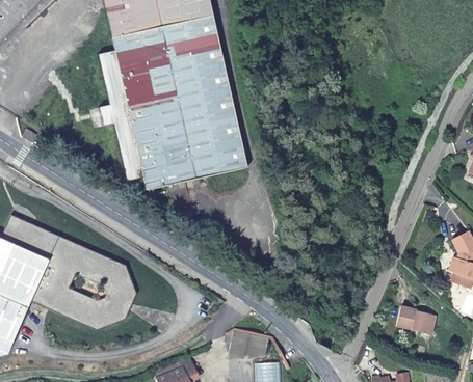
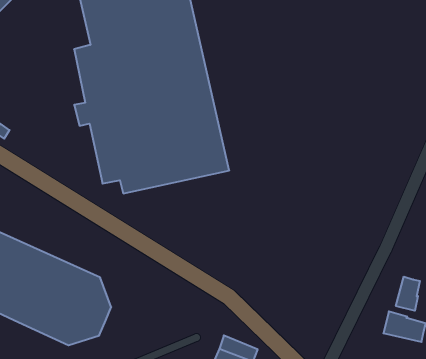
building: none -> [396,277,420,311]

